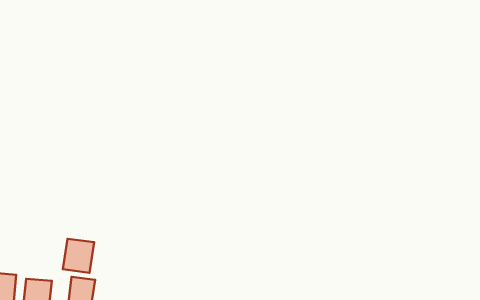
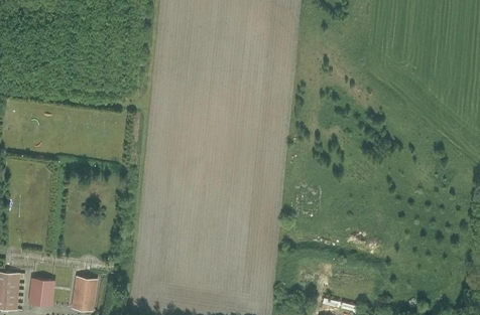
building: [63,239,94,273] -> none

